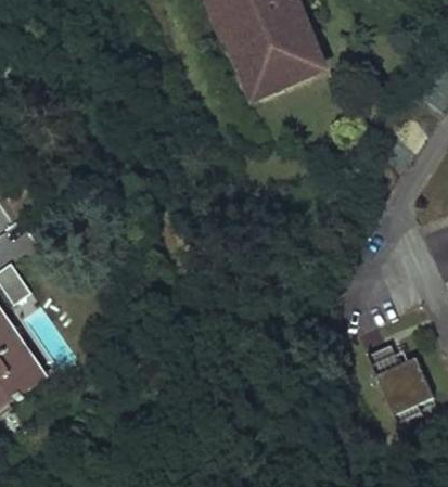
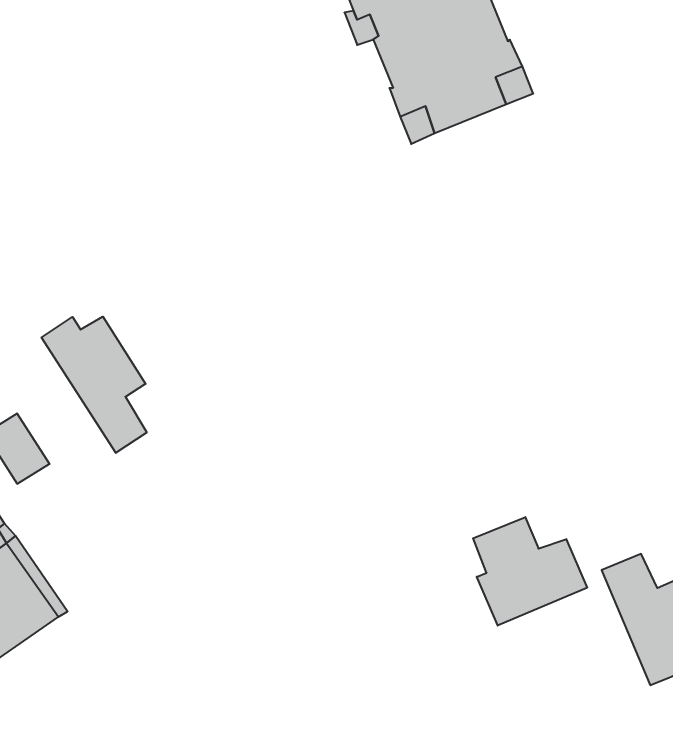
building: none -> [42,317,147,453]
building: none -> [473,517,587,626]

